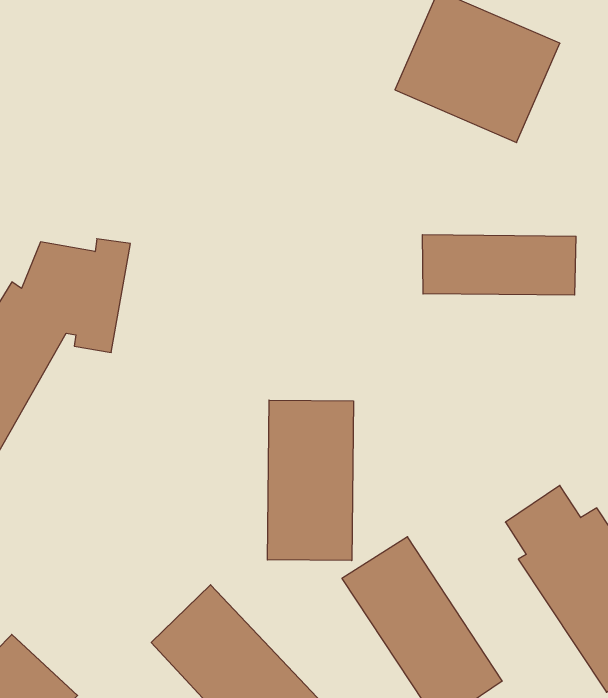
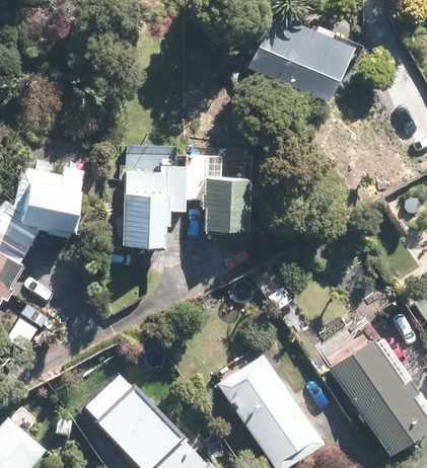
building: none -> [124,146,251,244]
building: [423,235,576,295] -> none
building: [267,400,353,561] -> none

